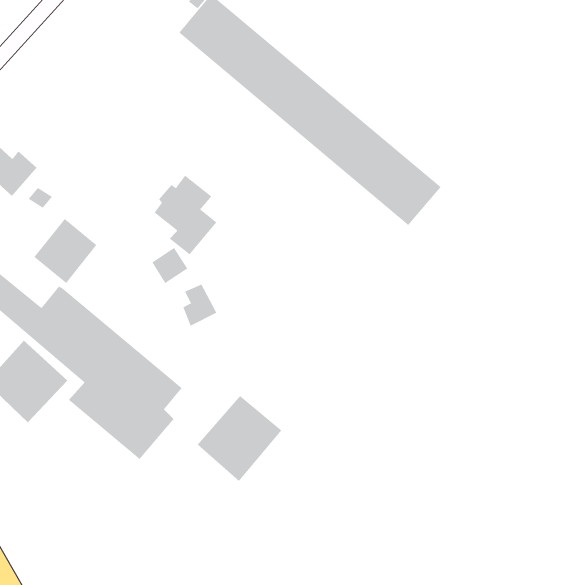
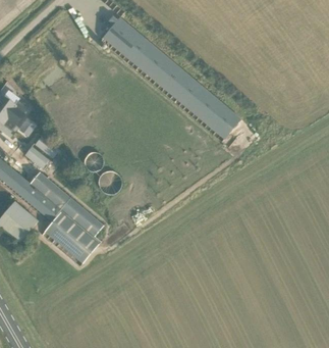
building: [154,175,217,255] -> none
building: [197,395,282,482] -> none

